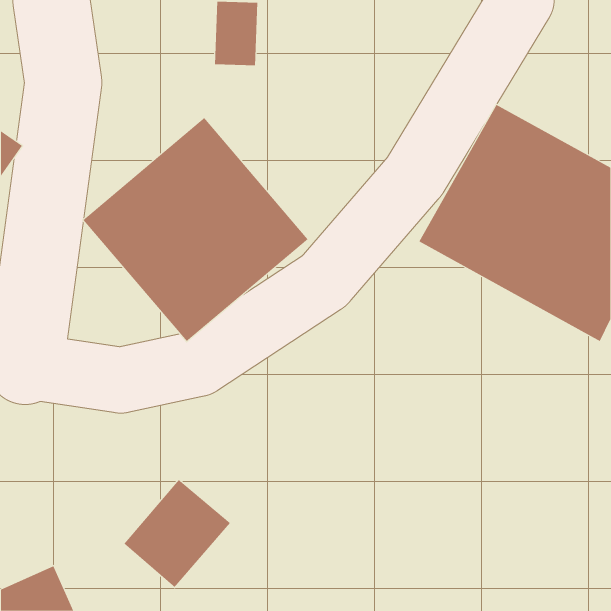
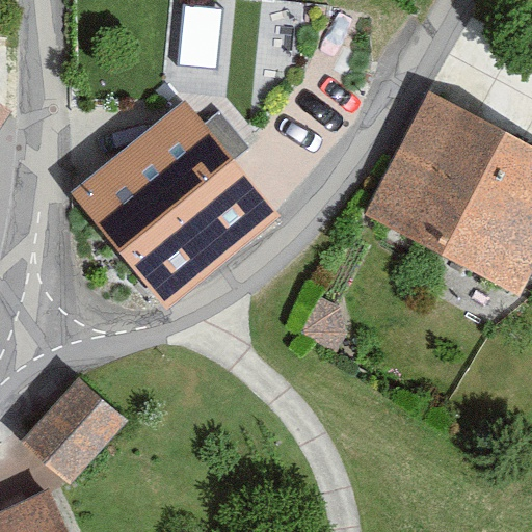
building: [123,479,231,588] -> [28,381,122,476]

